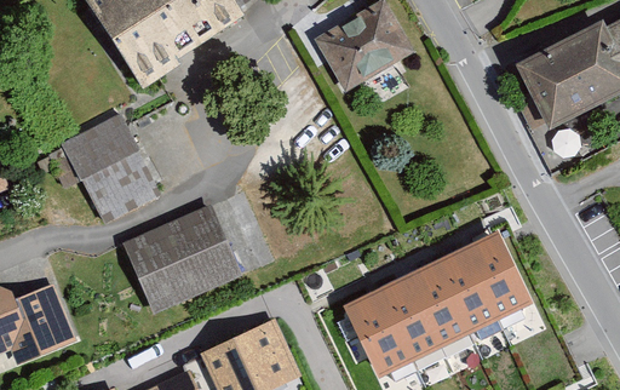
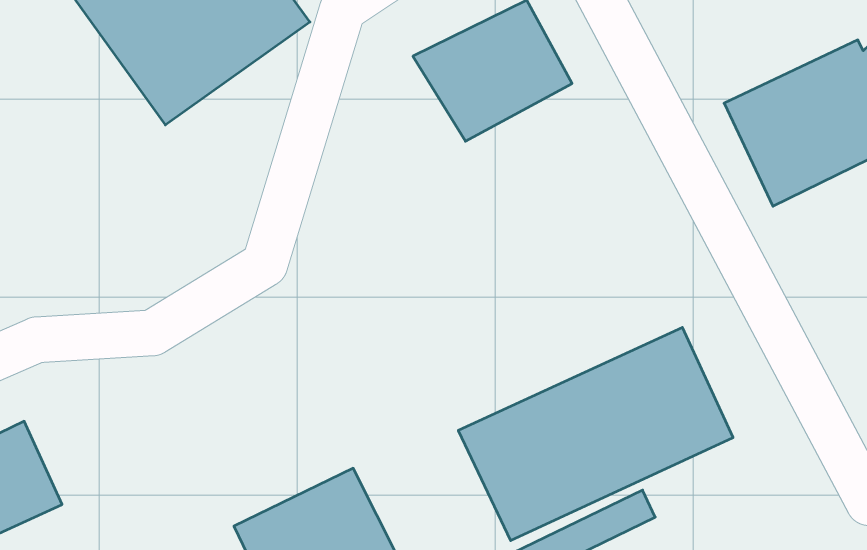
building: [42,120,156,220] -> none
building: [124,207,242,320] -> none

